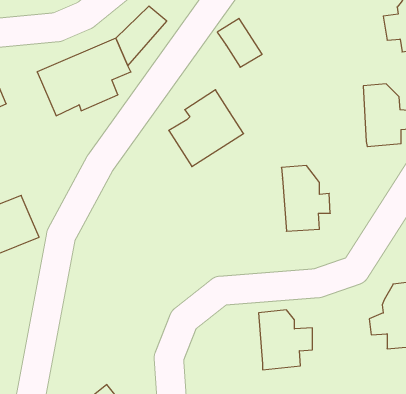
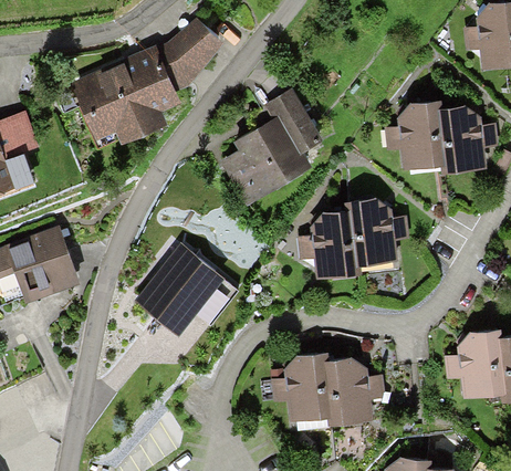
building: [217,18,262,67] -> [264,83,314,137]
building: none -> [384,100,441,174]
building: none -> [296,211,354,282]
building: none -> [137,247,239,338]
building: none -> [270,353,326,421]

